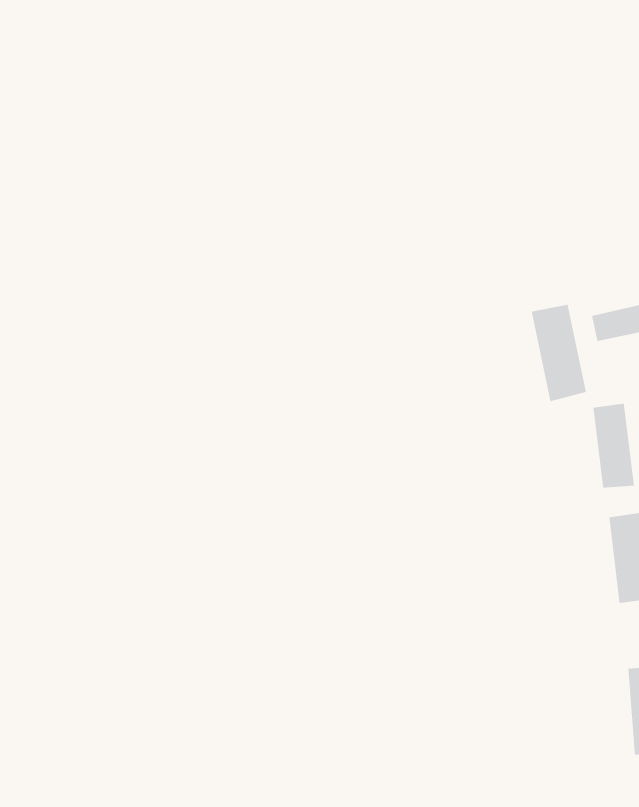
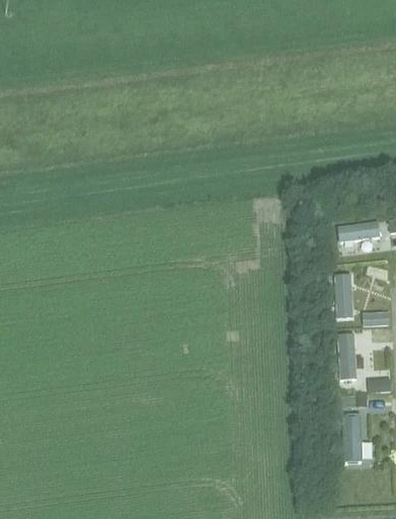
building: [531,304,587,402] -> none

